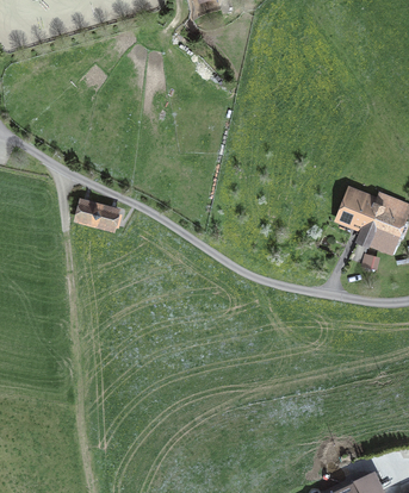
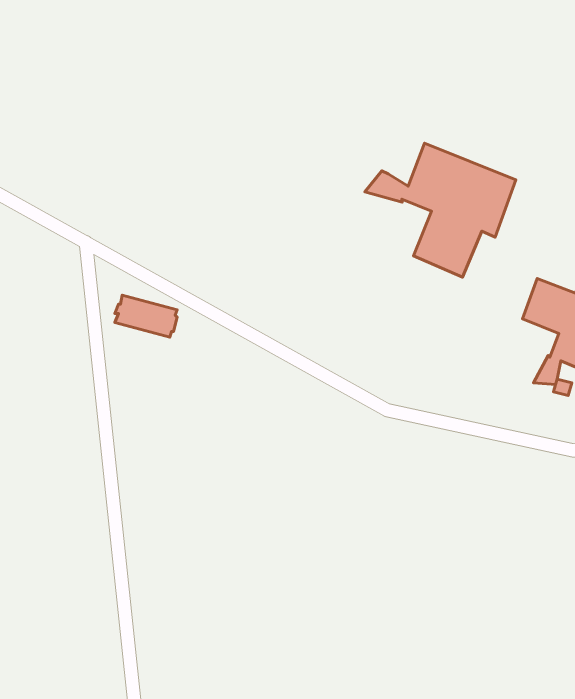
building: none -> [365,143,516,277]

